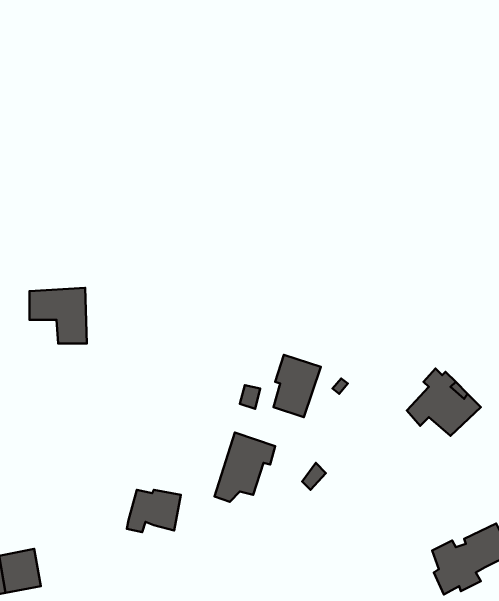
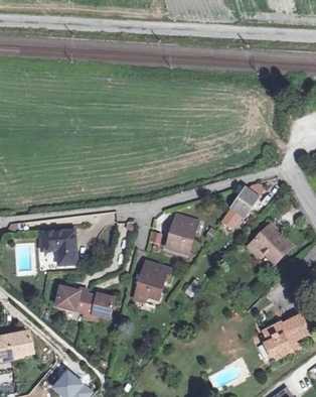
building: [29,288,87,344] -> [41,230,75,263]
building: none -> [222,182,264,227]
building: none -> [56,285,89,312]

